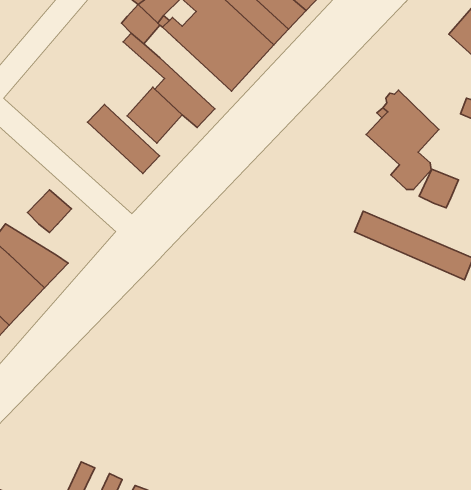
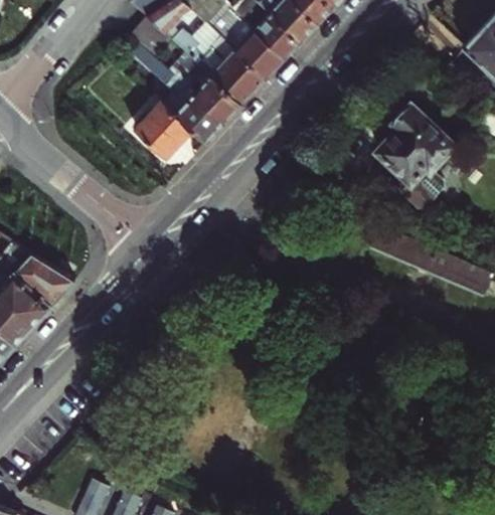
building: [88,105,159,173] -> [169,52,242,123]
building: [419,169,458,208] -> none
building: [27,190,71,233] -> none

